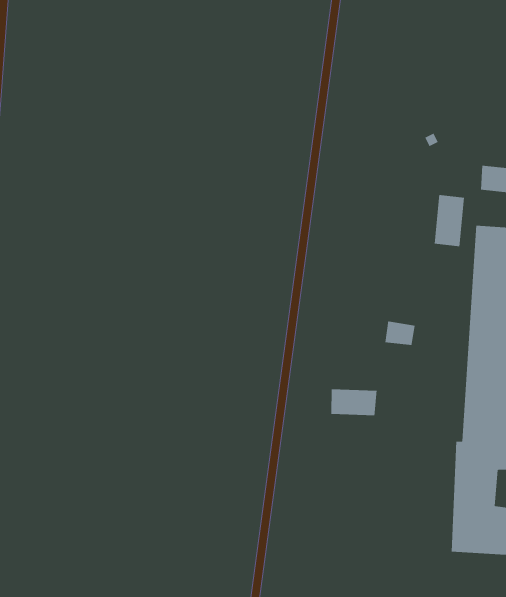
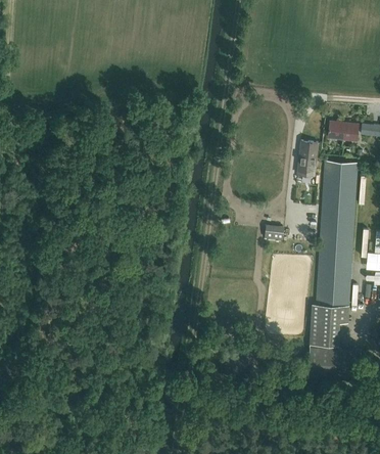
building: [331,388,377,416] -> none

